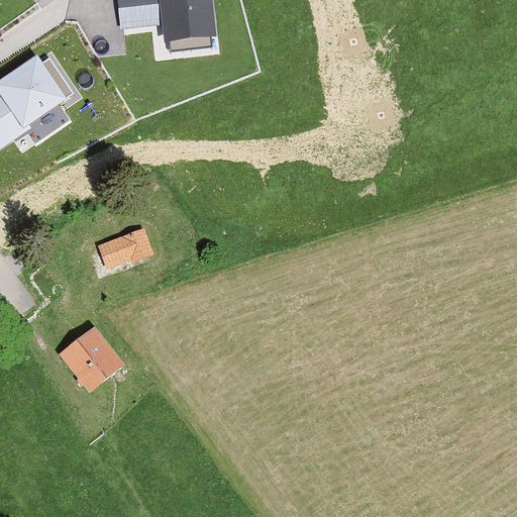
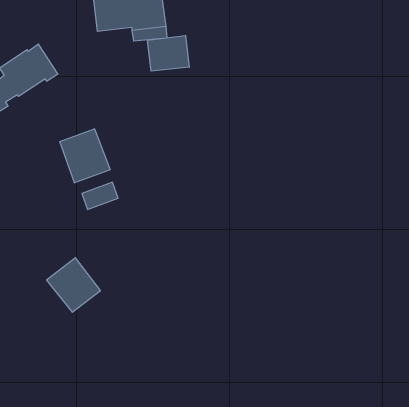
building: none -> [147,35,189,71]
building: none -> [60,129,110,183]

